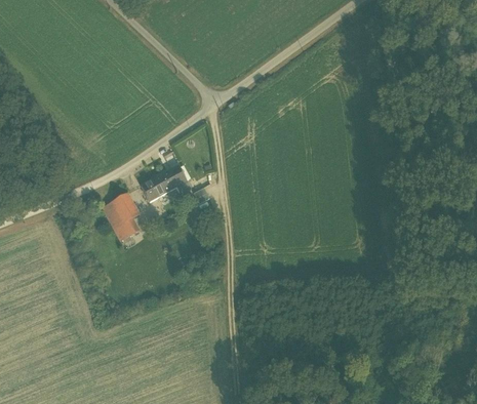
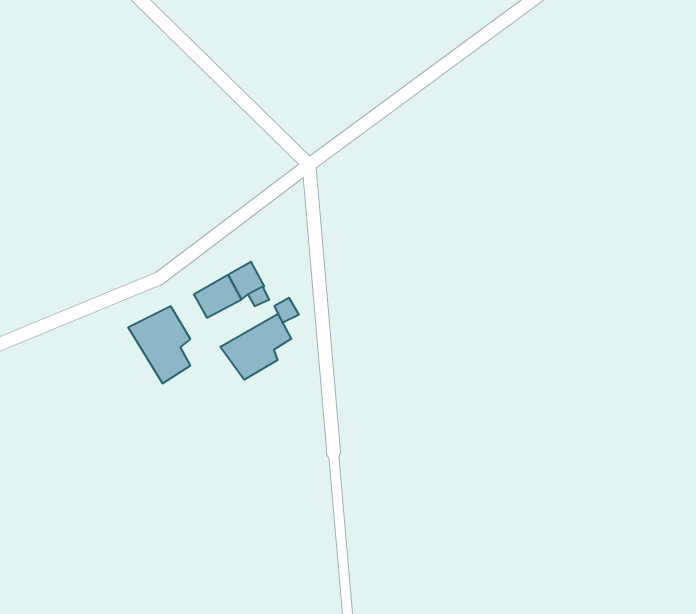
building: none -> [220,314,291,380]

